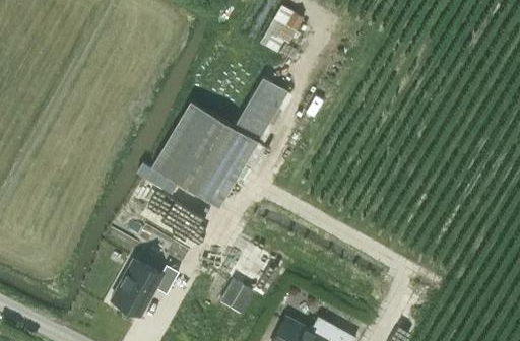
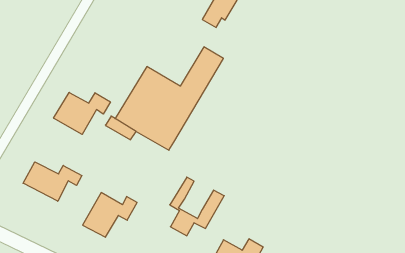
building: none -> [54,92,110,134]
building: none -> [23,162,82,201]

